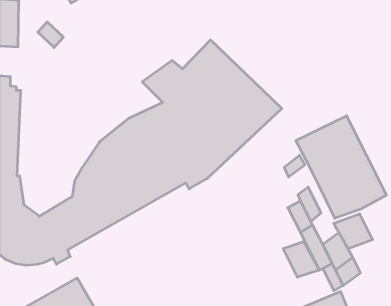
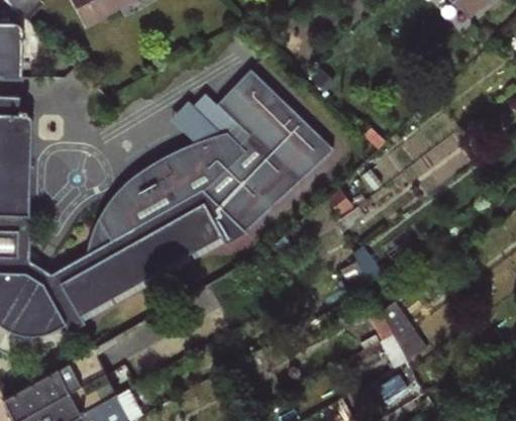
building: [296,116,386,218] -> none
building: [334,214,373,249] -> none
building: [283,242,319,277] -> none

